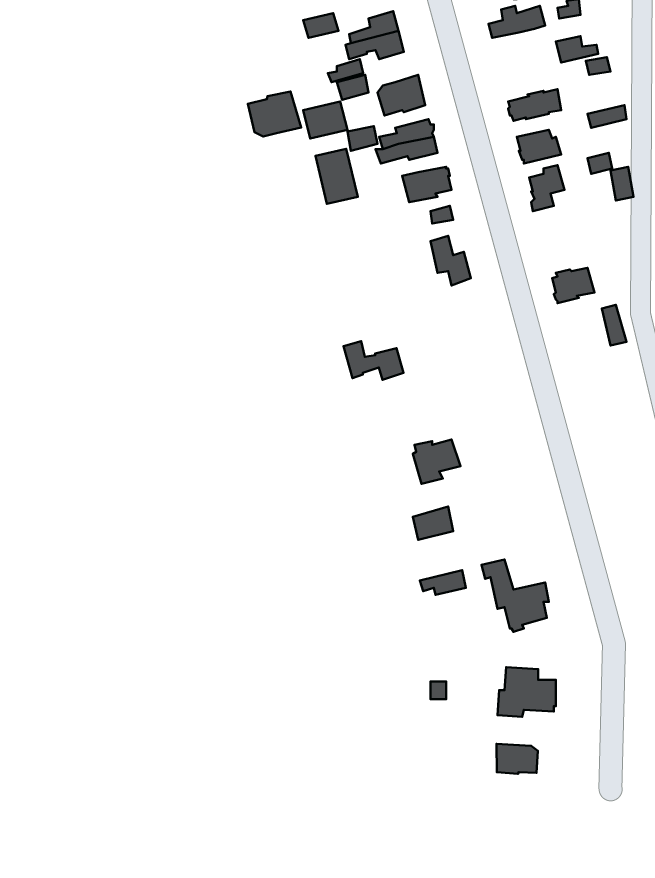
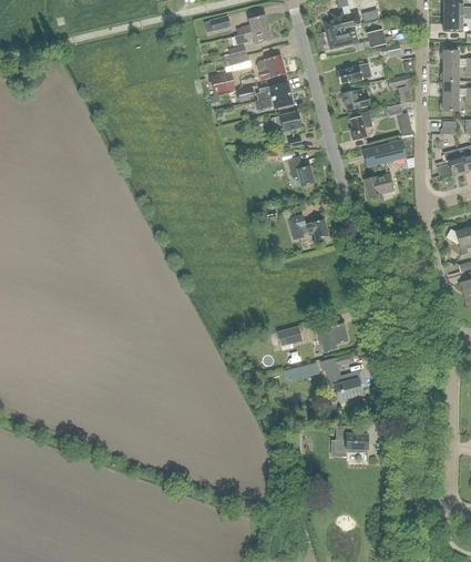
building: none -> [326,25,358,49]
building: [248,92,301,137] -> none
building: [315,149,358,204] -> none
building: none -> [362,140,406,166]
building: [344,341,404,380] -> [290,215,328,239]
building: [413,440,460,484] -> [318,324,348,351]
building: [497,744,538,774] -> none

